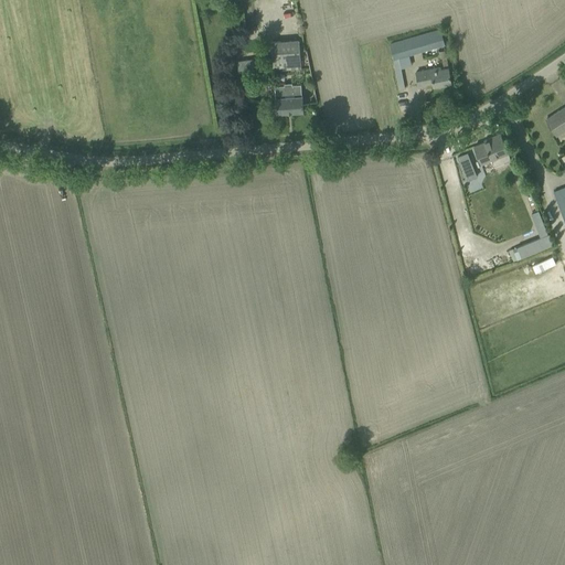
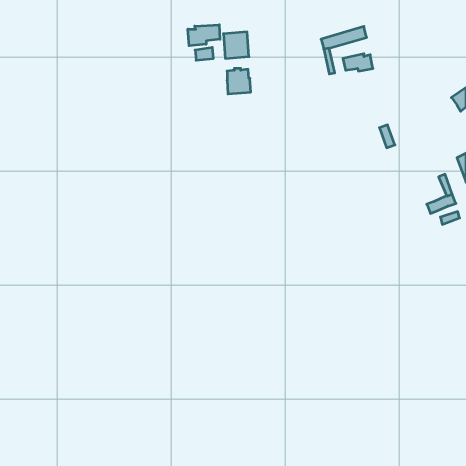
building: none -> [188,25,220,46]
building: [473,134,510,166] -> none

